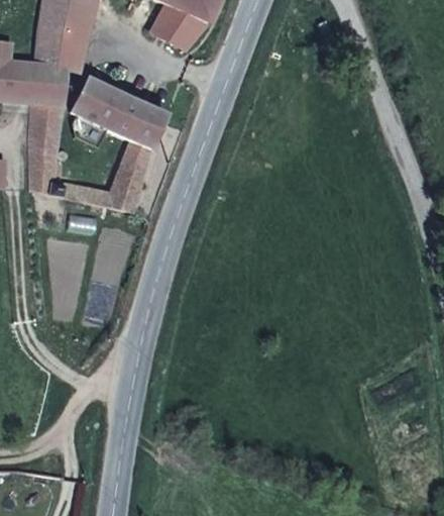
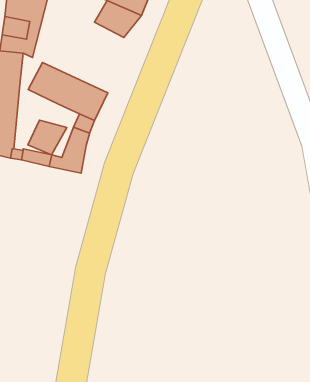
building: none -> [28,120,67,155]

